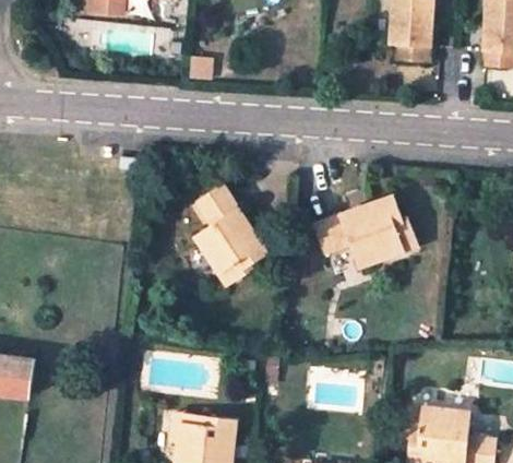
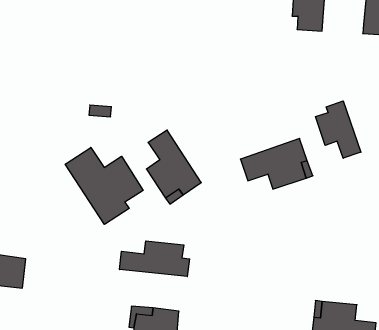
building: none -> [316,101,361,158]
building: none -> [65,147,143,224]
building: none -> [120,241,190,277]

